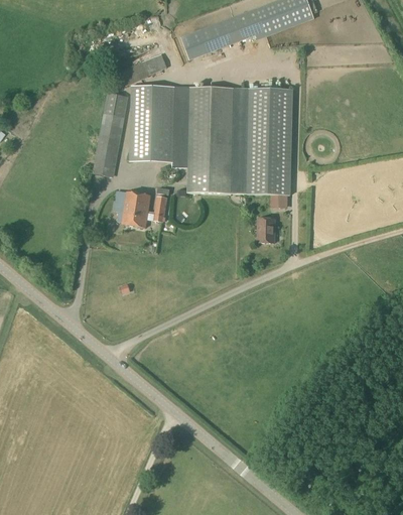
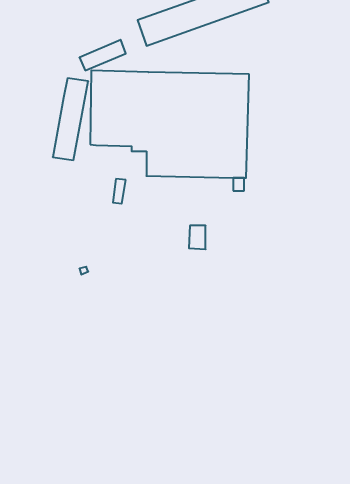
building: [117,190,152,227] -> none
building: [258,217,275,241] -> [189,226,206,249]

